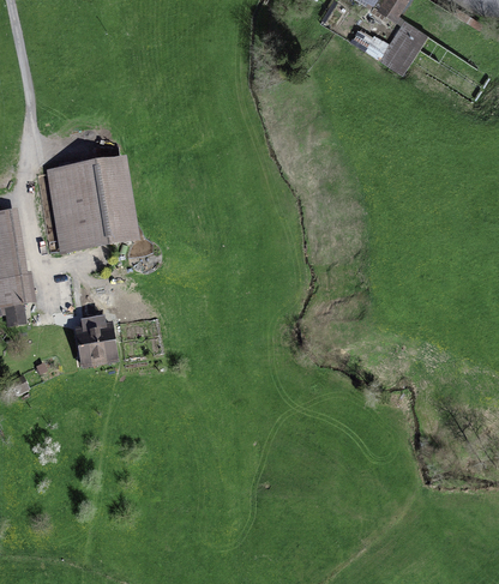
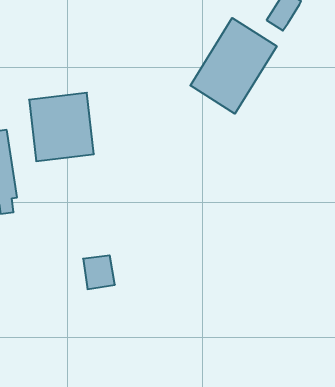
building: none -> [190,18,277,114]
building: [73,319,118,366] -> [83,255,115,289]

